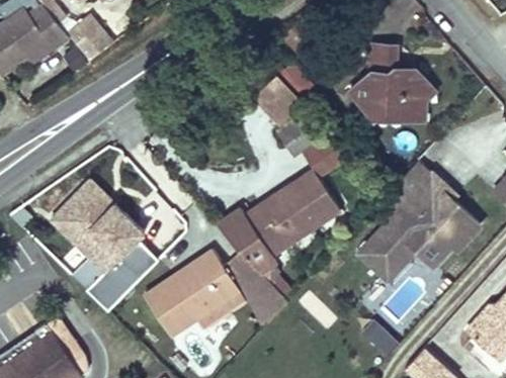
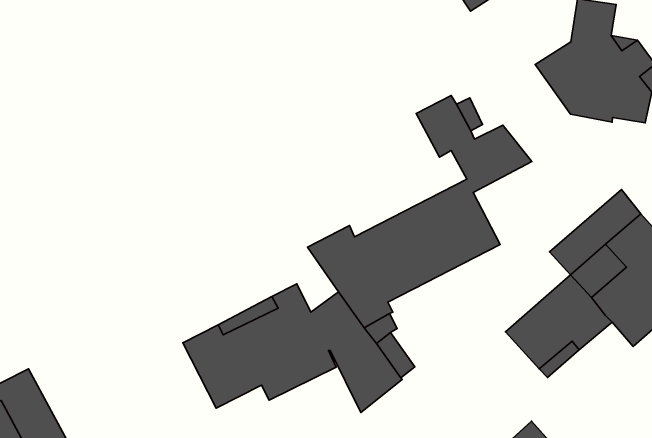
building: [254,74,306,126] -> none
building: [44,175,164,310] -> none

